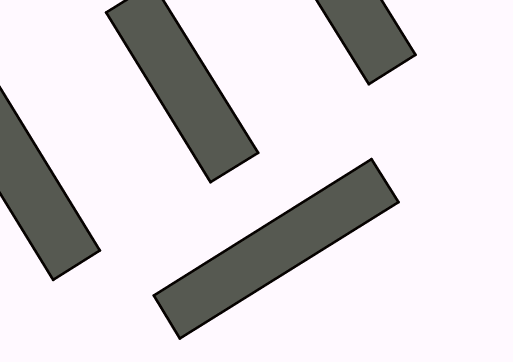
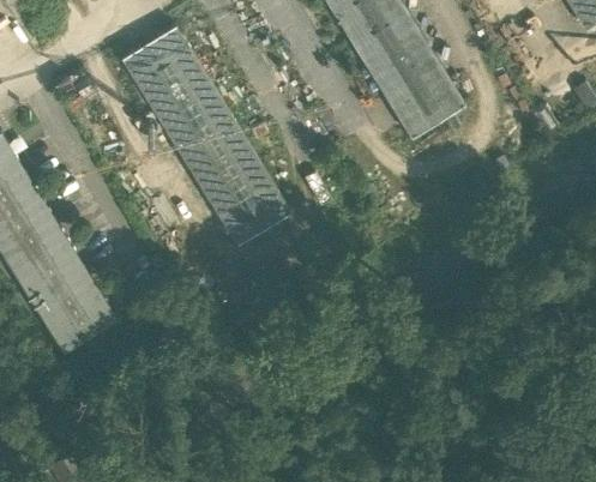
building: [154,159,399,338] -> none

